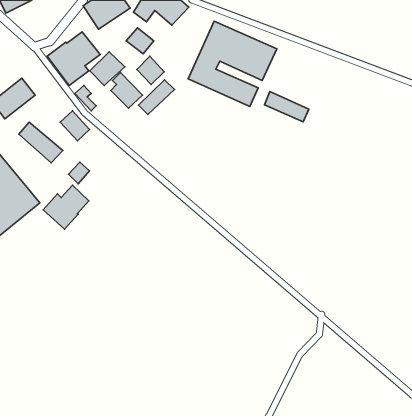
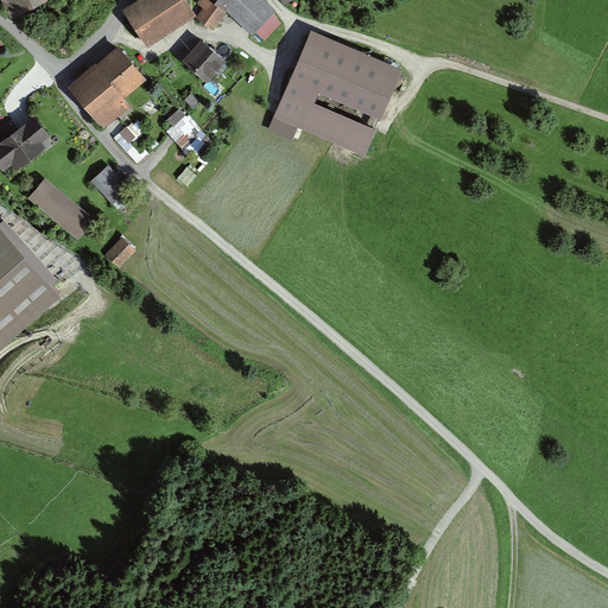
building: [90,52,125,86] -> none
building: [137,56,164,84] -> none
building: [139,80,174,115] -> none
building: [265,91,309,122] -> none
building: [43,185,89,229] -> none

